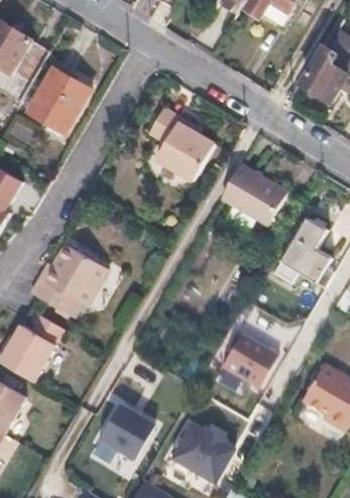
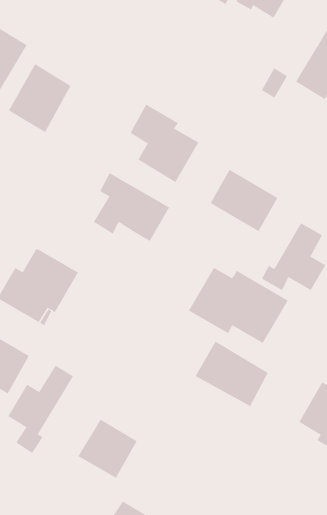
building: none -> [93,172,170,242]
building: none -> [188,267,288,344]
building: none -> [8,365,74,454]
building: [155,417,236,487] -> none

